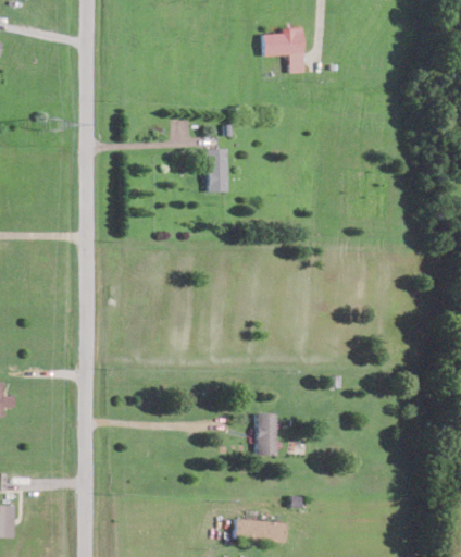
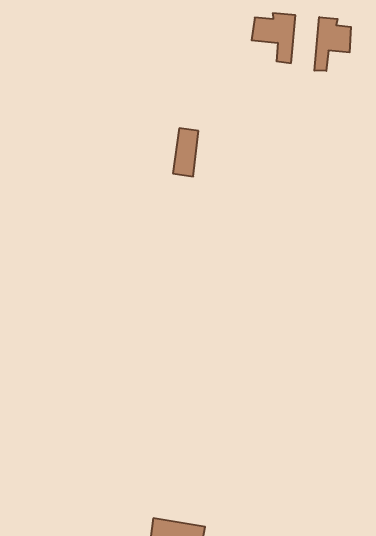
building: none -> [314,17,351,71]
building: [256,412,275,455] -> none

